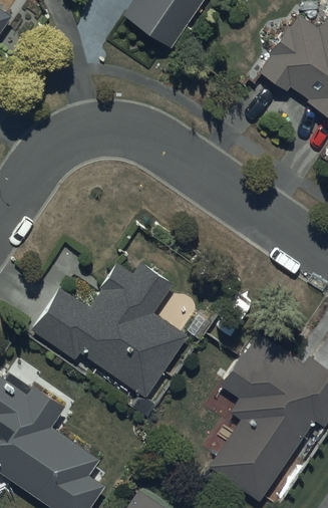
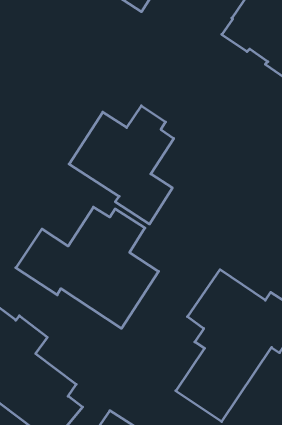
building: none -> [69,106,174,224]

